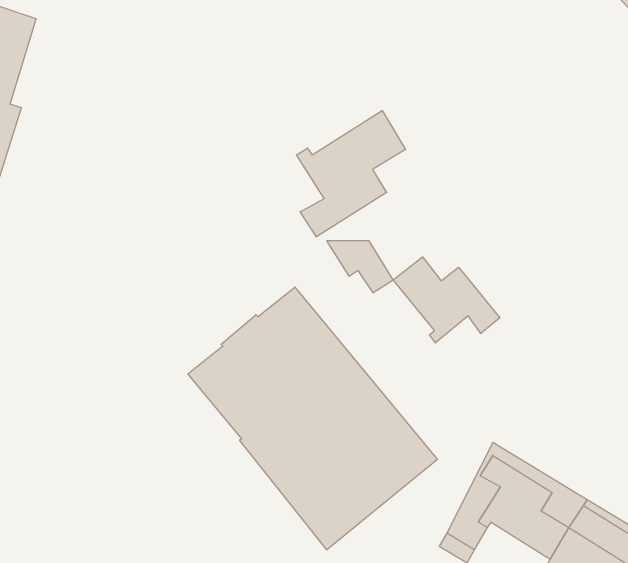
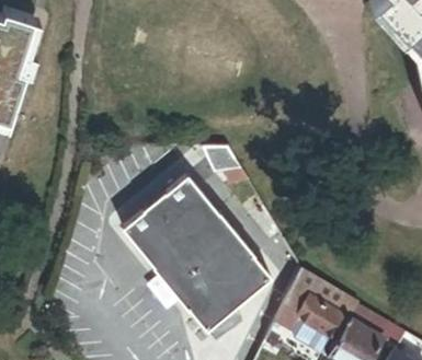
building: [296,111,406,237] -> none
building: [393,257,500,343] -> none

